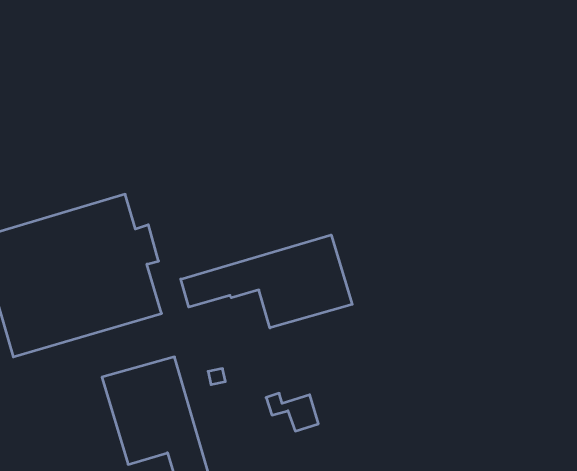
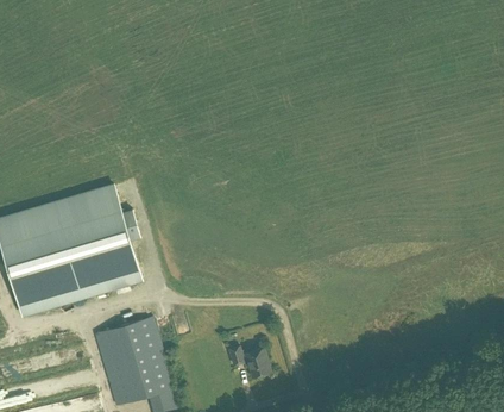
building: [181,235,352,328] -> none

